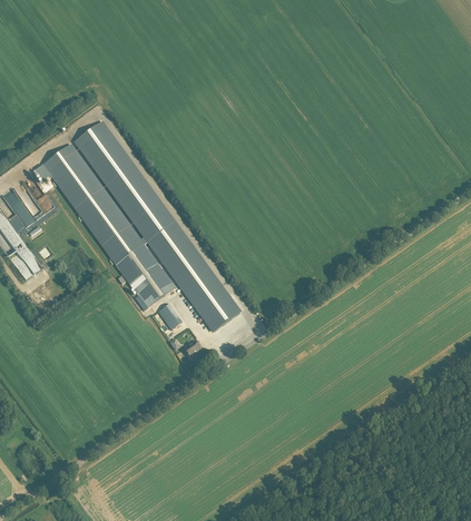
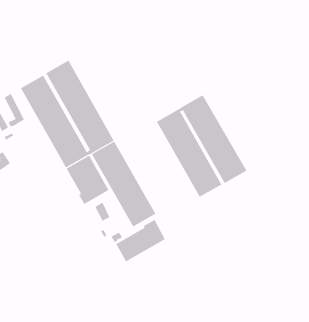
building: none -> [156,94,247,198]
building: none -> [116,219,165,262]

